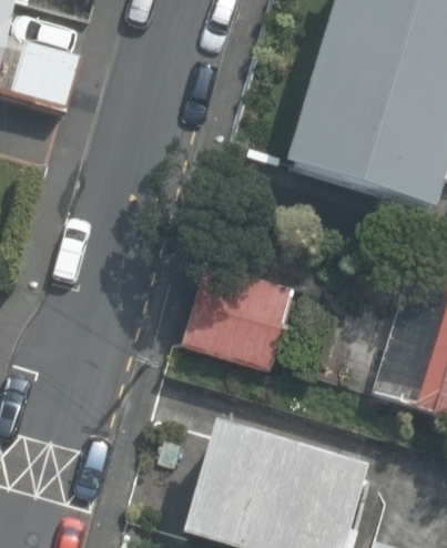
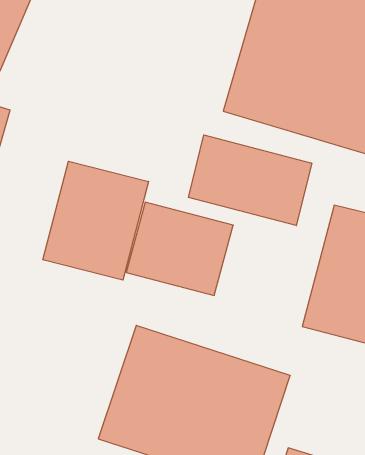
building: none -> [188,135,312,226]
building: none -> [43,161,149,280]

